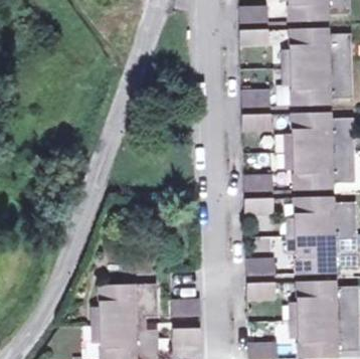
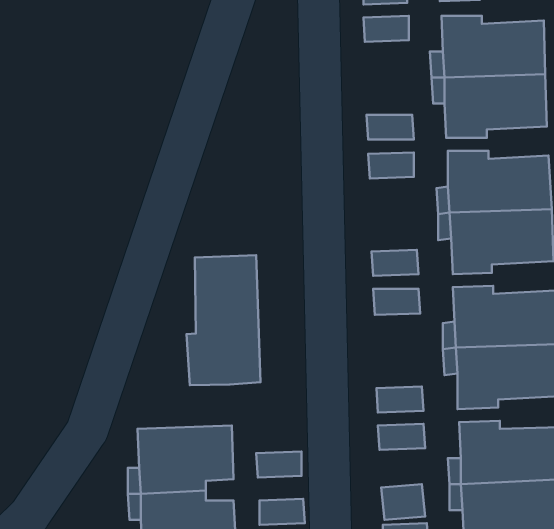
building: none -> [186,255,261,385]

